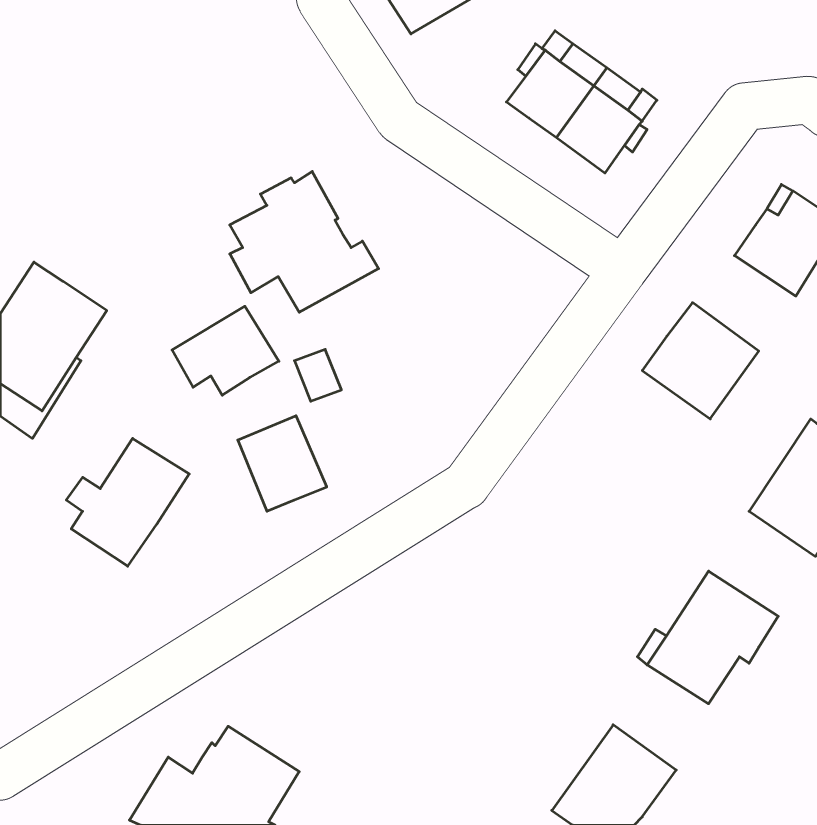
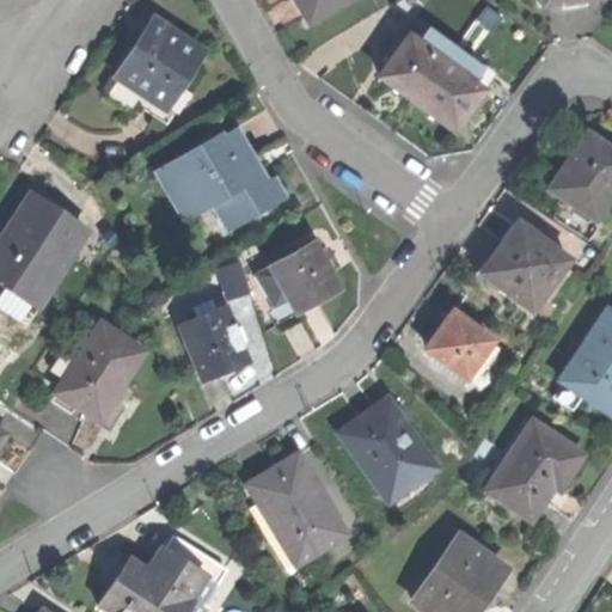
building: none -> [118,19,203,106]
building: [172,306,279,395] -> [259,243,338,308]
building: none -> [432,314,492,379]
building: none -> [341,404,436,501]
building: none -> [243,454,344,564]

